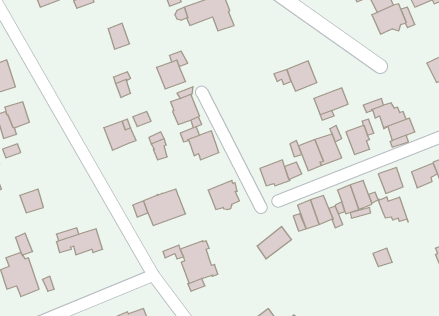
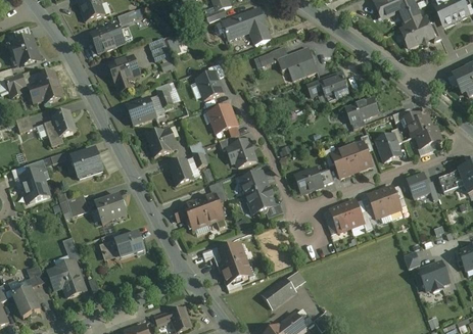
building: none -> [90,22,125,53]
building: none -> [258,46,317,80]
building: none -> [108,56,140,93]
building: none -> [127,97,155,125]
building: none -> [72,149,103,178]
building: none -> [169,159,194,185]
building: none -> [239,171,268,195]
building: none -> [96,195,128,224]
building: [378,197,408,222] -> none
building: [257,227,292,259] -> [263,277,295,307]
building: none -> [419,260,450,291]

